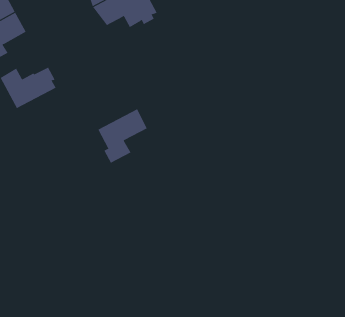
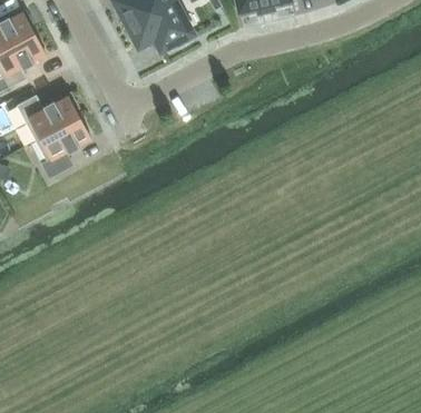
building: [98,109,148,163] -> [36,117,91,178]

